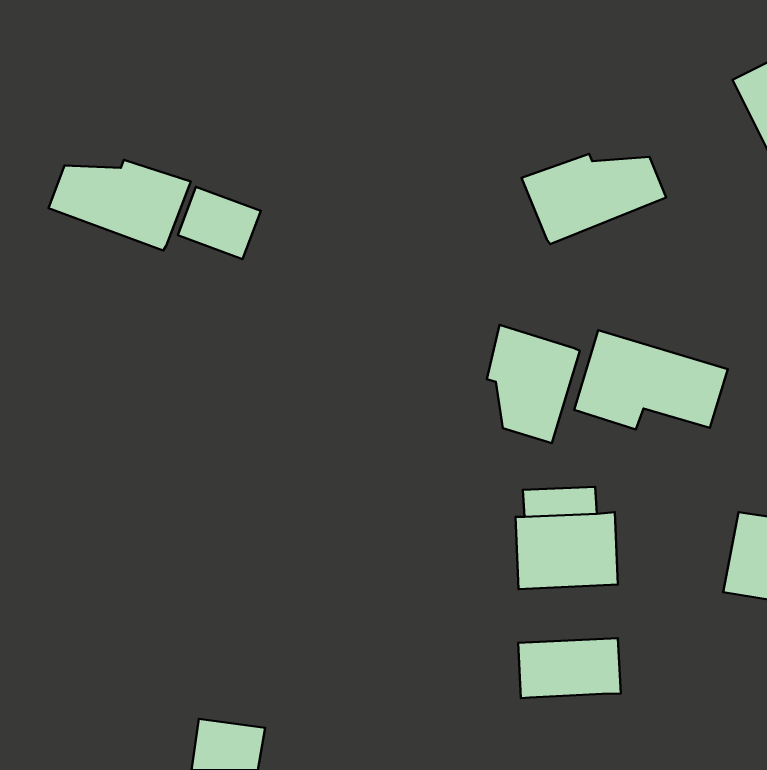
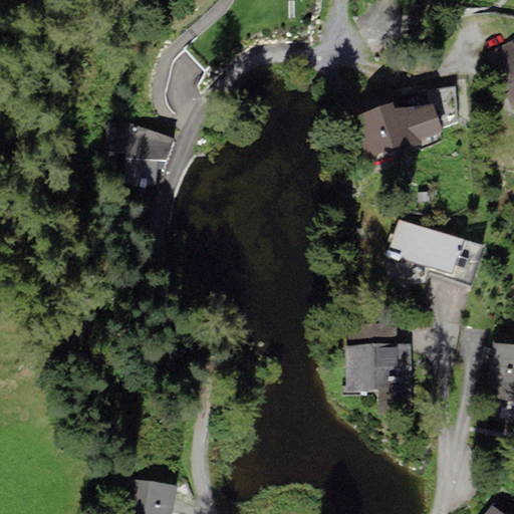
building: [49,160,191,251] -> none
building: [487,325,580,443] -> none
building: [518,638,621,698] -> none

